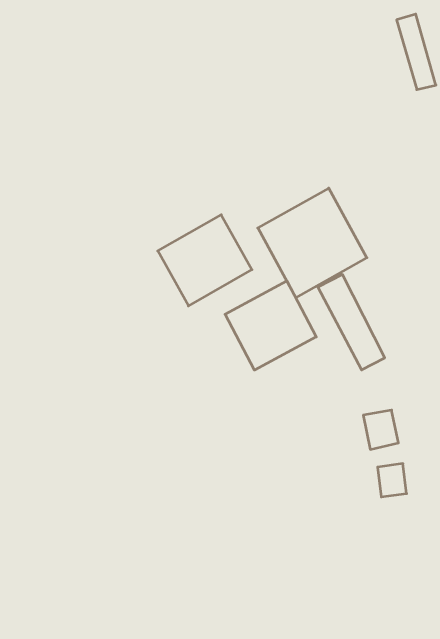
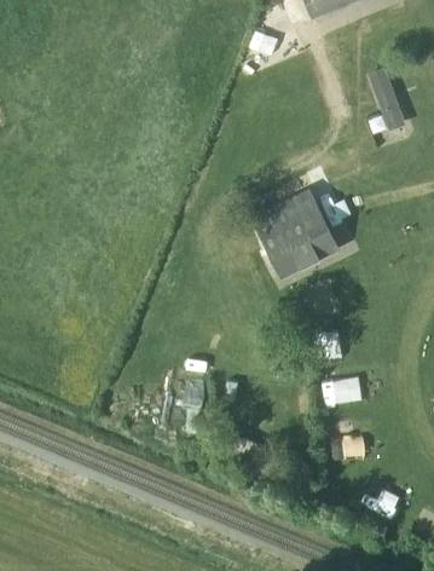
building: [158,215,252,306] -> none
building: [225,281,316,370] -> none

